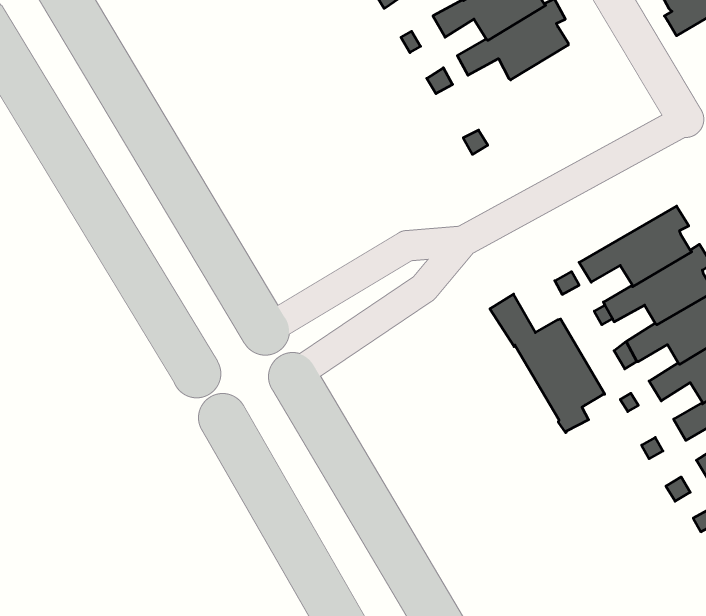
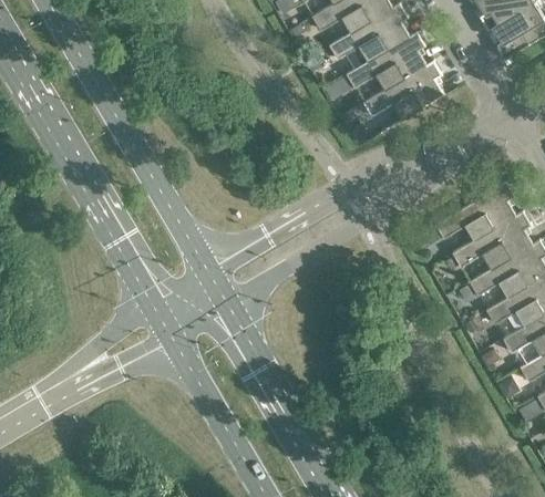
building: none -> [361,59,443,118]
building: [490,294,605,433] -> none

